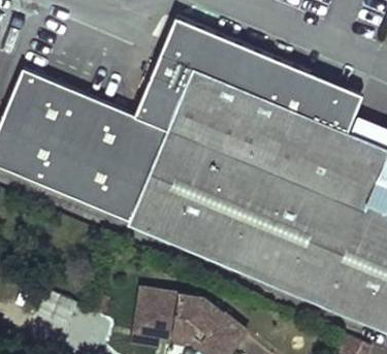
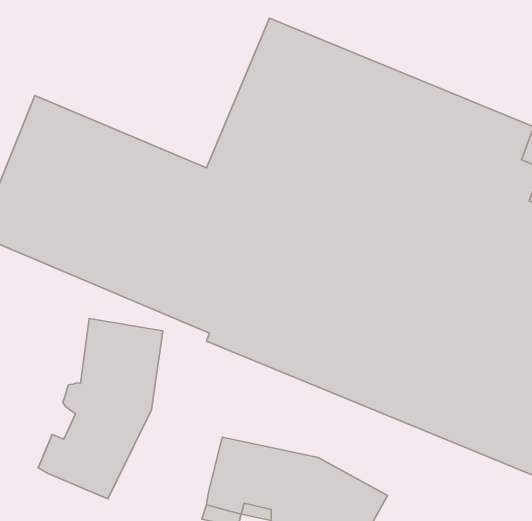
building: none -> [38,319,163,499]

